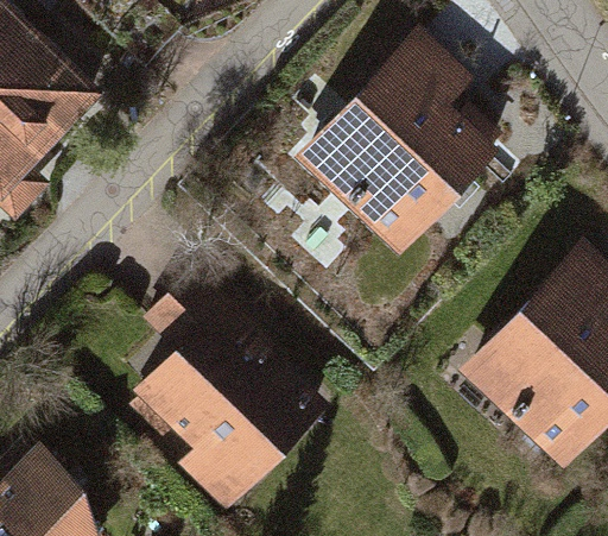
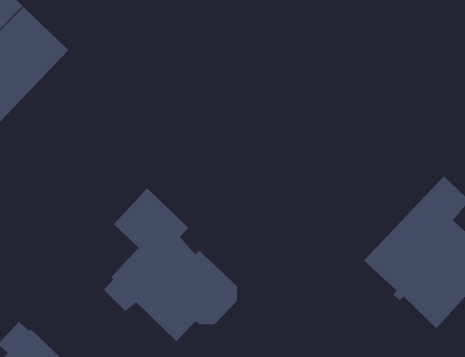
building: [310,50,495,248] -> none

